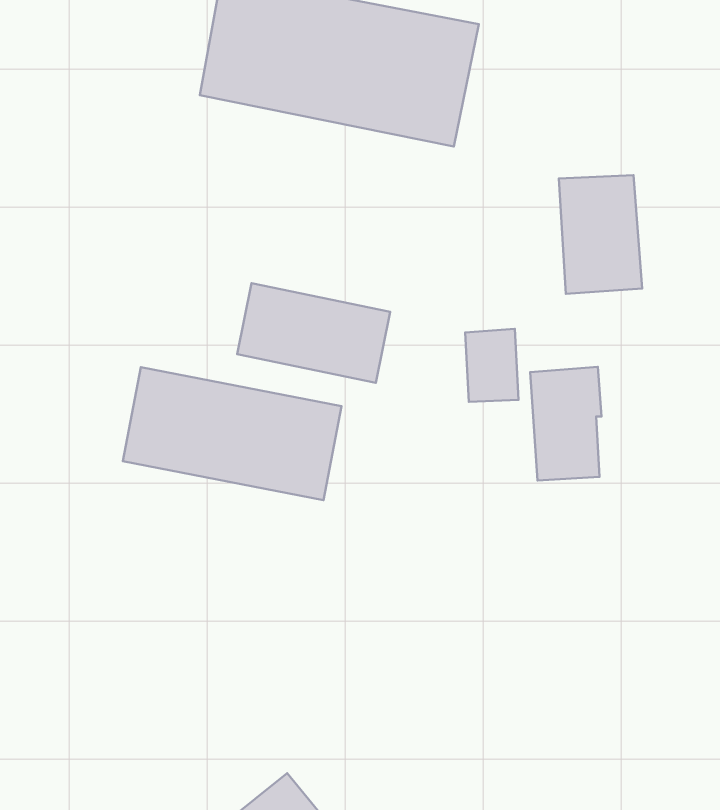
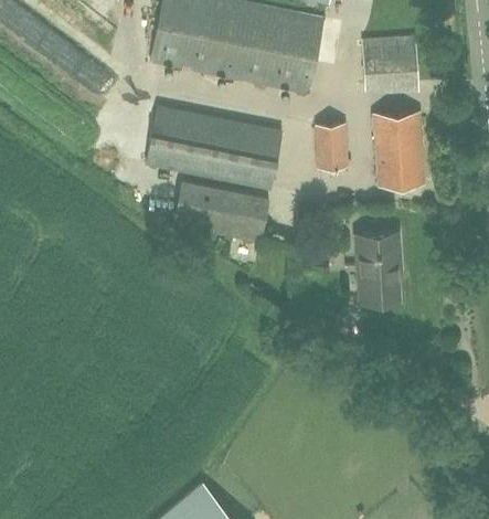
building: none -> [362,35,417,91]
building: [465,329,518,402] -> [315,123,348,168]
building: [123,367,341,500] -> [146,106,281,189]

